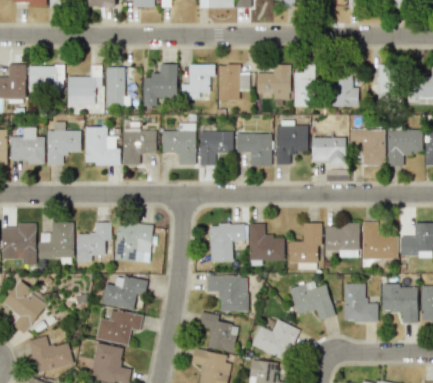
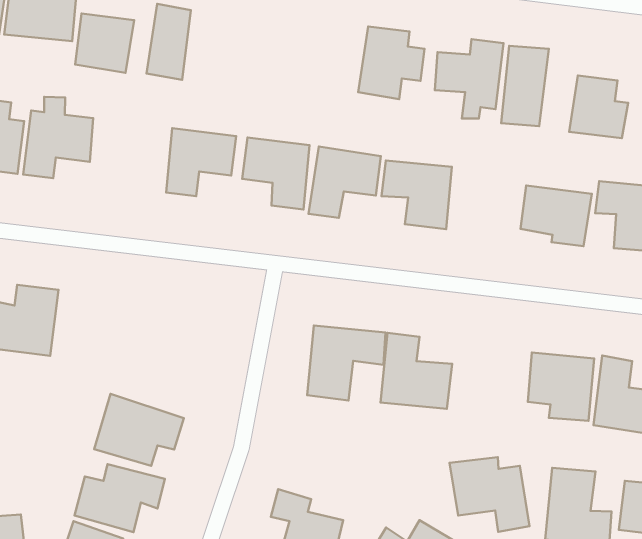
building: [143,63,177,105] -> none
building: [181,63,214,98] -> none
building: [275,124,308,164] -> none
building: [84,126,120,164] -> none
building: [76,222,111,262] -> none
building: [115,222,152,262] -> none
building: [289,223,321,269] -> none
building: [206,274,248,311] -> none

